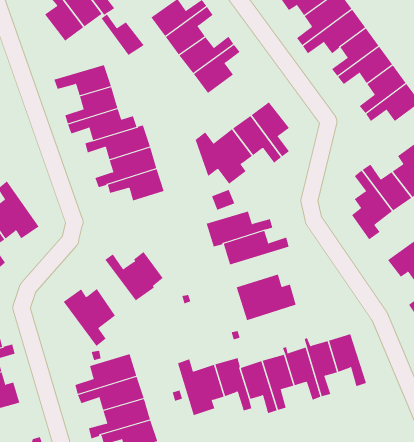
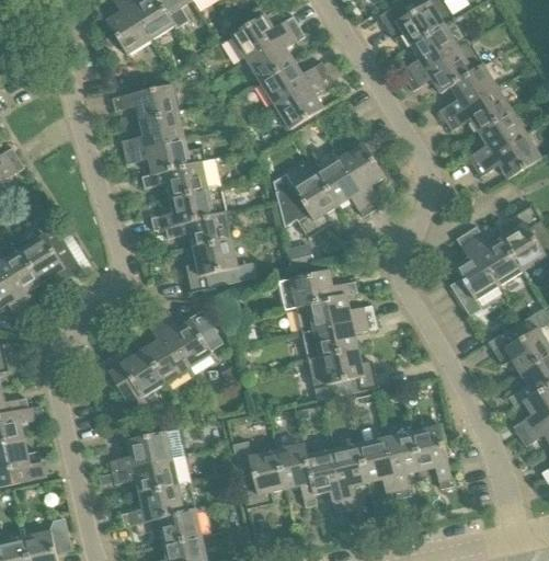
building: [101,13,144,56] -> none
building: none -> [185,240,255,291]
building: none -> [301,317,377,359]
building: none -> [144,316,187,382]

